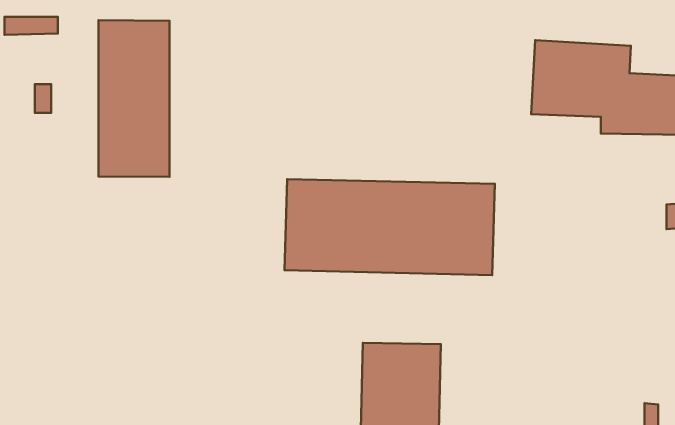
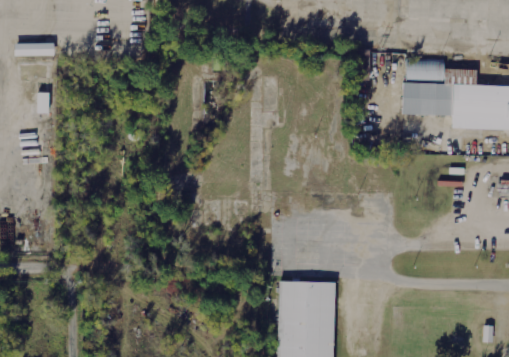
building: [99,20,169,177] -> none
building: [285,179,495,275] -> none

